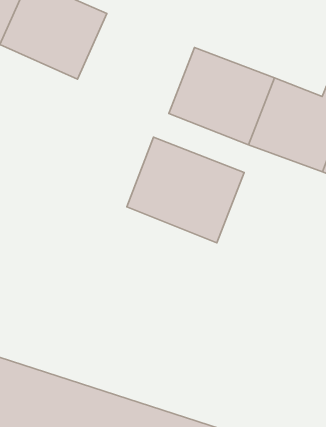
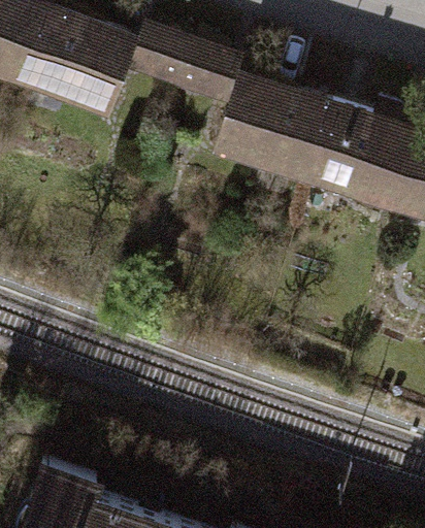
building: none -> [132,28,241,108]
building: [127,137,244,243] -> none

